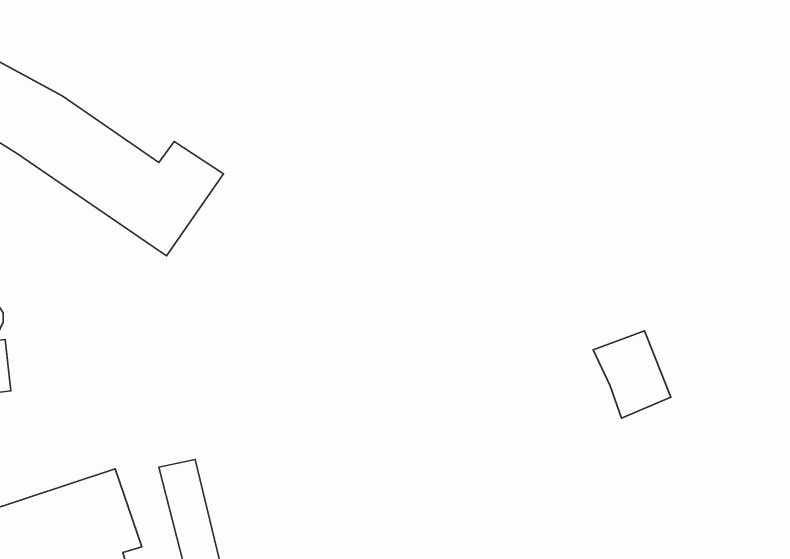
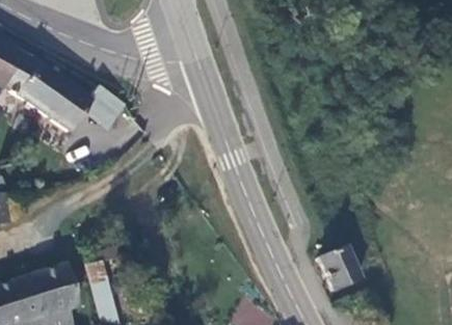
building: [593,331,671,418] -> [318,243,361,291]

